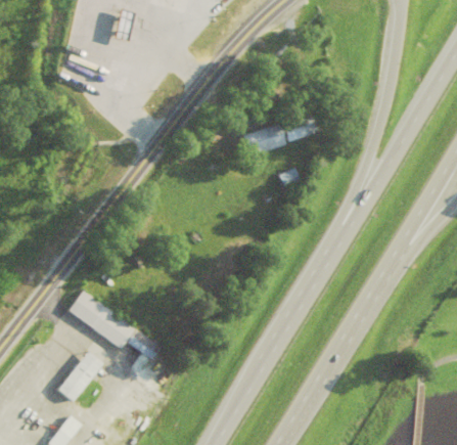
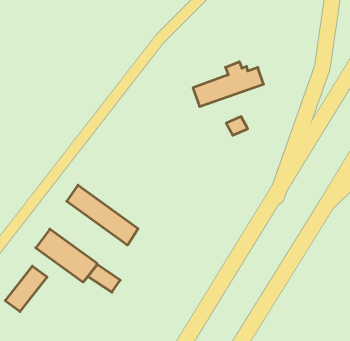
building: none -> [67,185,138,245]
building: [57,352,103,402] -> [5,266,47,312]

